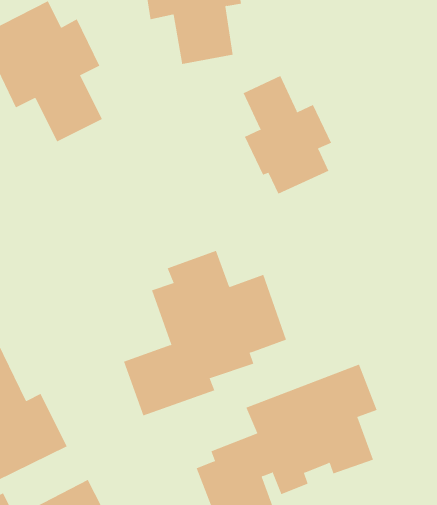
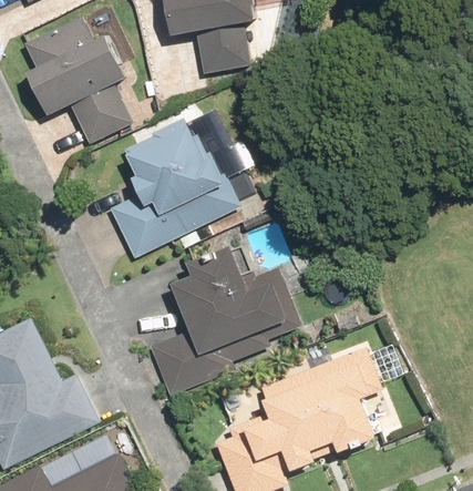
building: [243,75,332,194] -> none
building: none -> [107,119,240,259]

